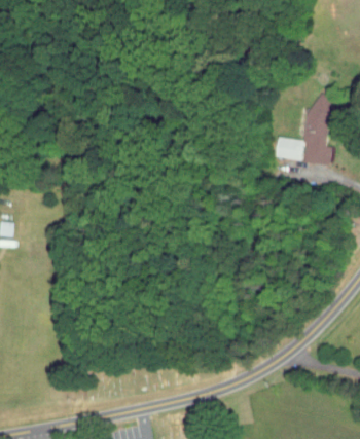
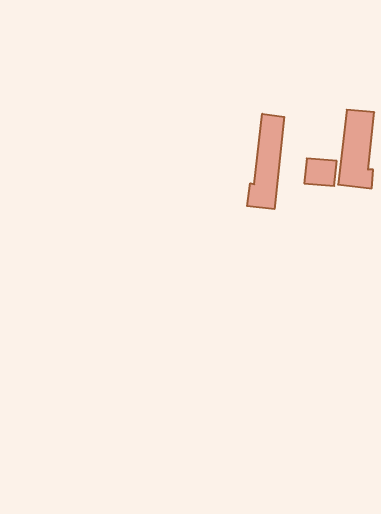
building: none -> [247,114,284,209]

